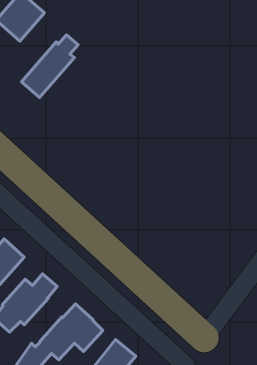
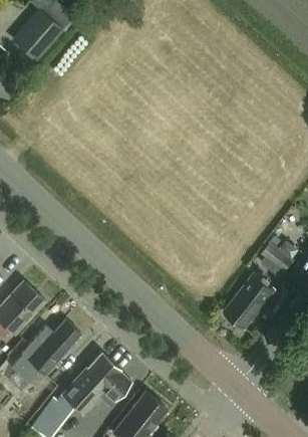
building: [22,35,78,98] -> none
building: none -> [261,243,294,276]
building: none -> [226,274,277,329]

